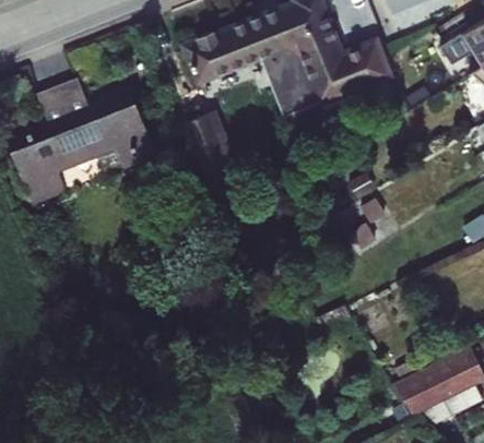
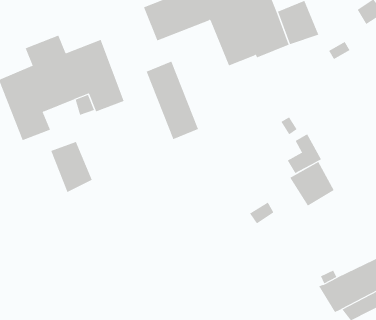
building: none -> [51,141,92,193]
building: none -> [289,161,335,207]

